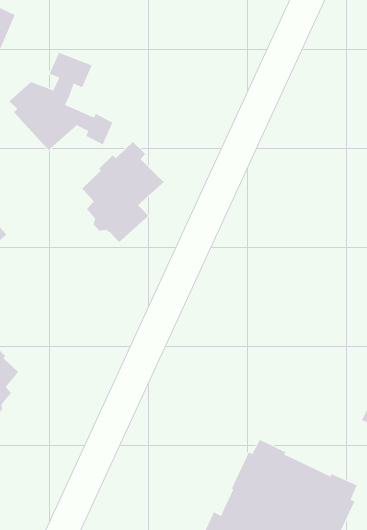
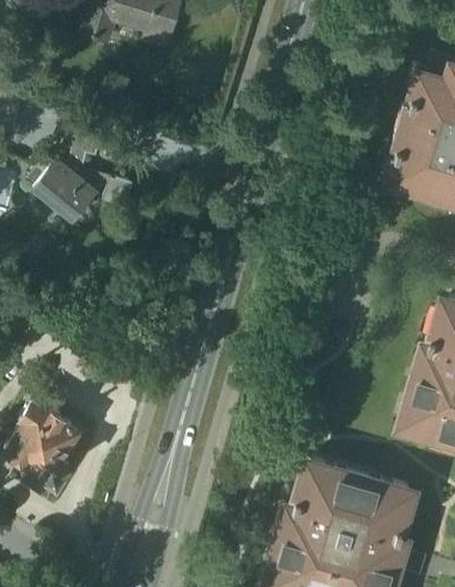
building: [82,141,165,243] -> none

